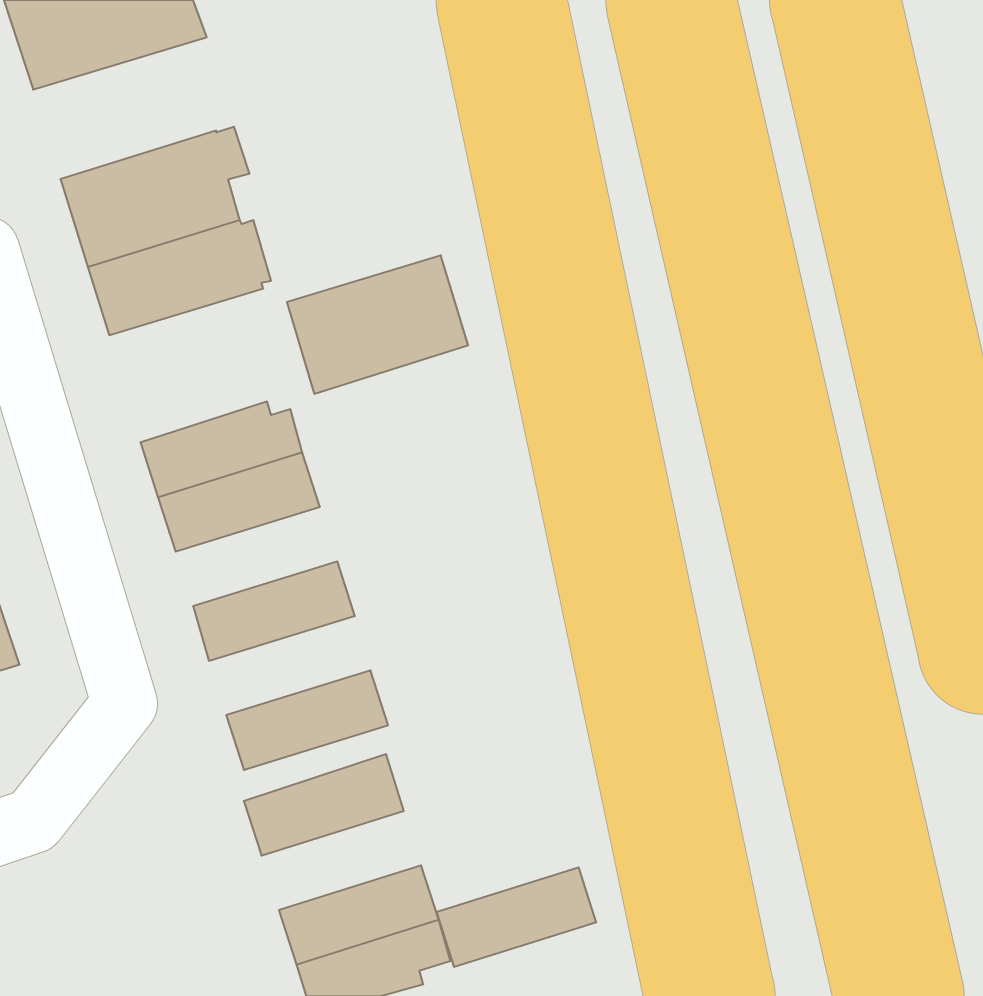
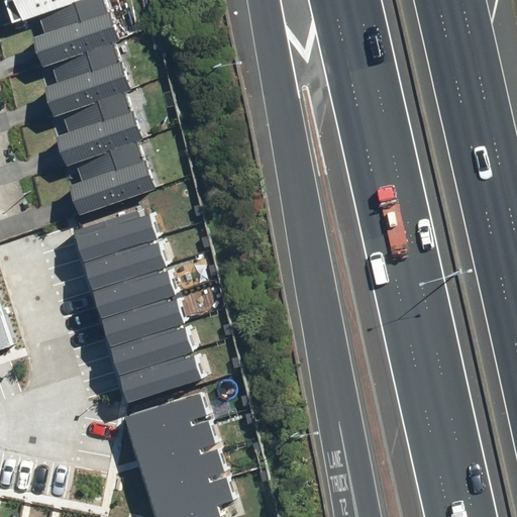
building: none -> [17,19,115,93]
building: [287,255,468,394] -> [57,149,150,221]
building: none -> [91,263,175,314]
building: none -> [108,319,192,371]
building: [436,867,596,967] -> [135,420,218,472]

